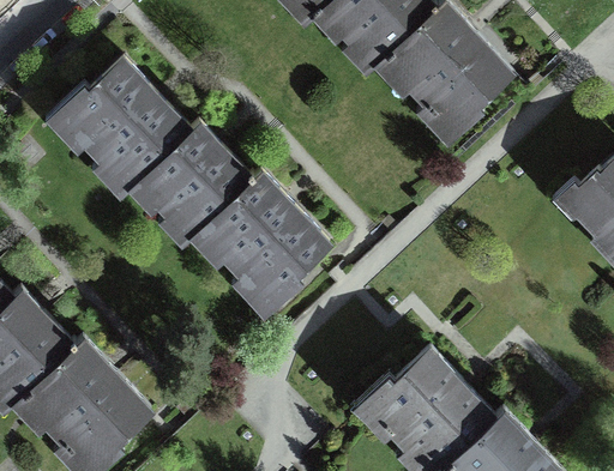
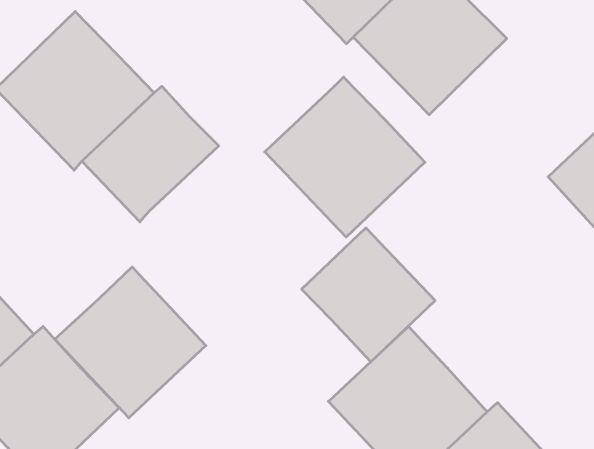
building: [186,165,335,314] -> [265,77,425,237]
building: none -> [302,228,435,362]
building: none -> [55,267,206,418]

